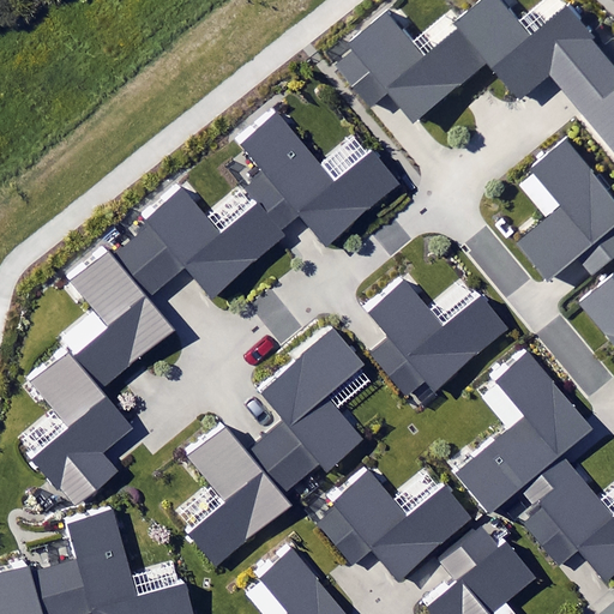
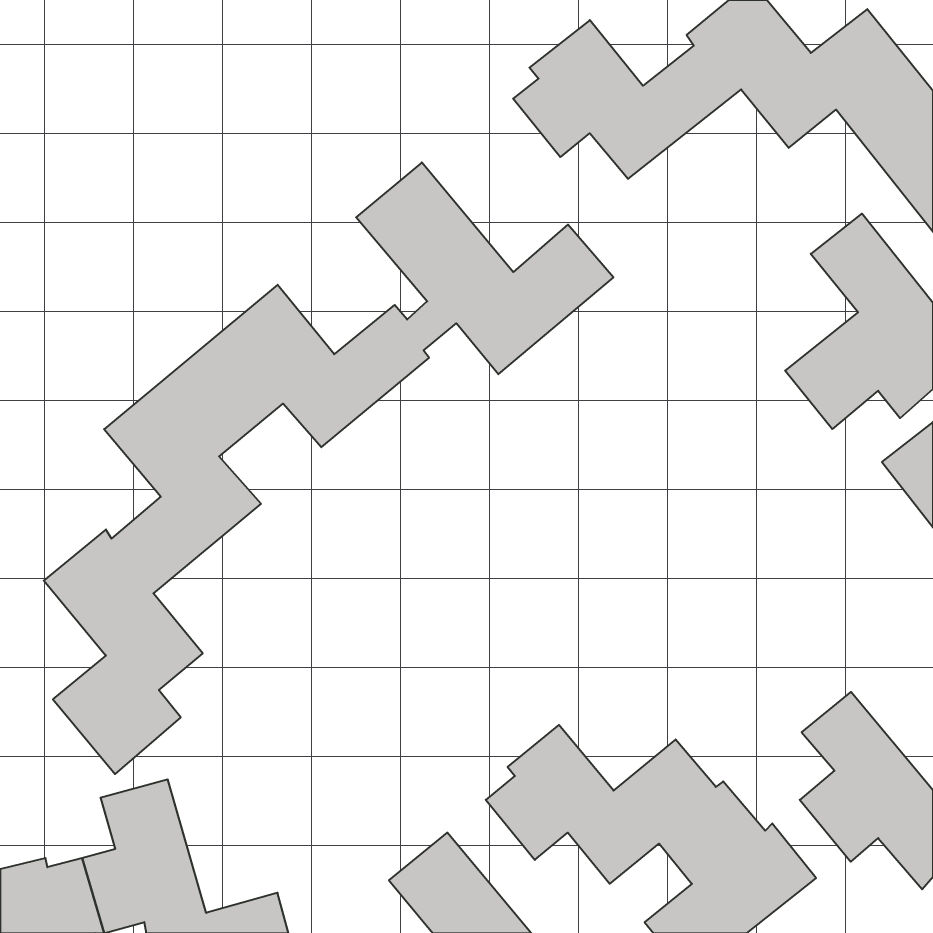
building: [367,283,510,397] -> none
building: [185,324,367,566] -> none
building: [457,354,591,513] -> none

